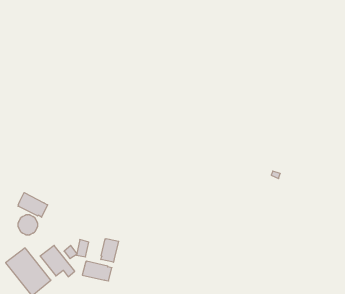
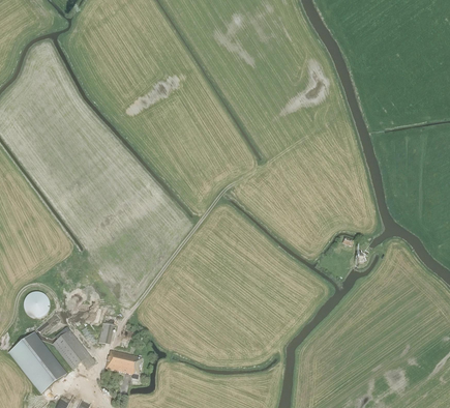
building: [18,193,48,217] -> none
building: [101,239,119,262] -> none

